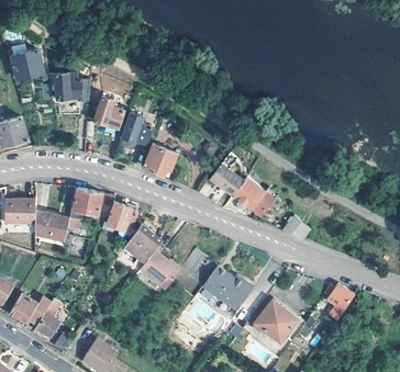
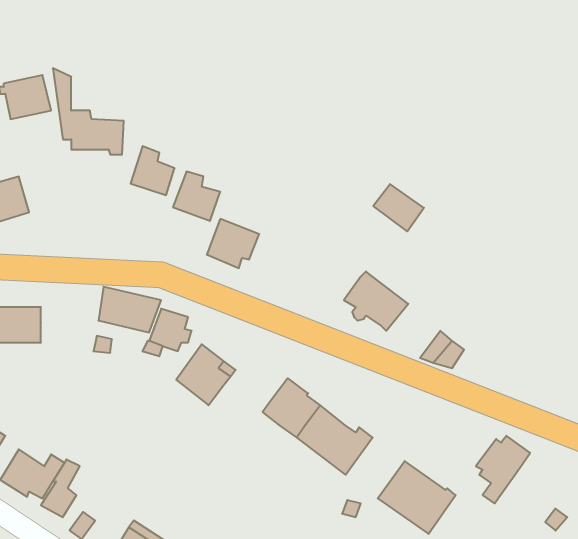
building: [210,166,243,196] -> [373,184,424,231]
building: [35,211,68,240] -> none
building: [140,251,178,291] -> none

